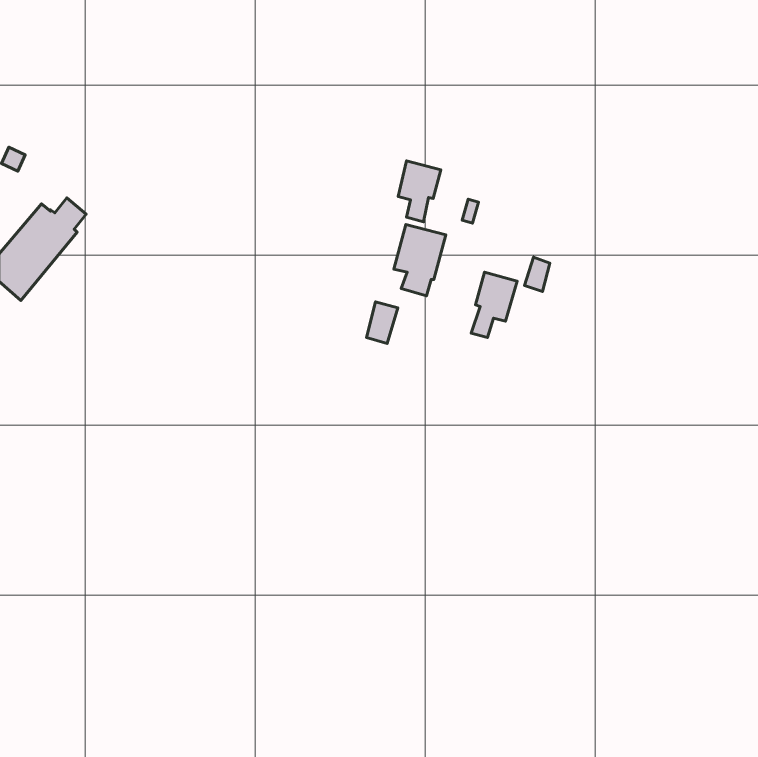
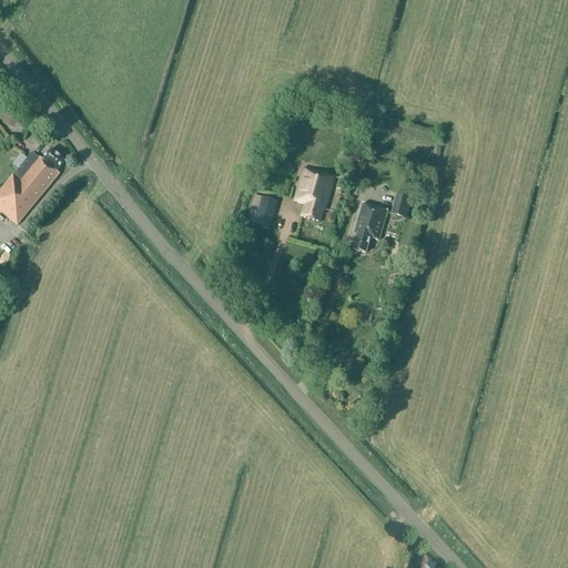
building: [398,161,441,222] -> none
building: [366,302,398,343] -> [253,196,276,227]

